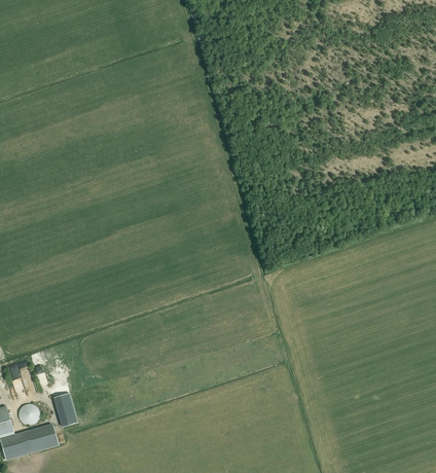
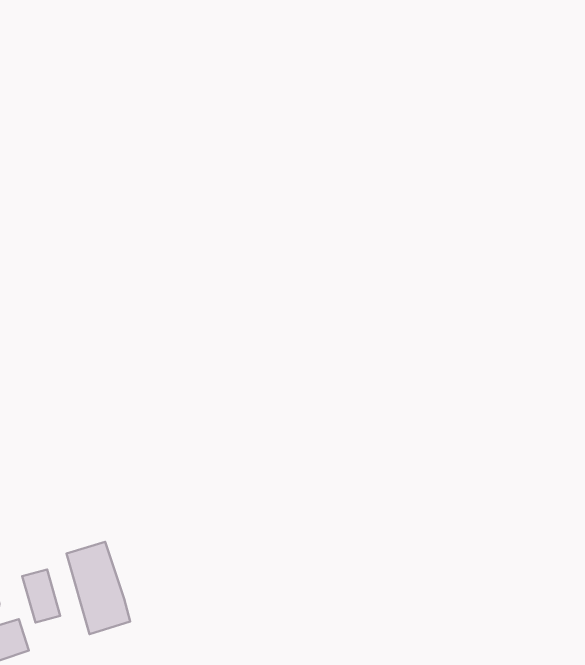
building: none -> [66,542,130,634]

